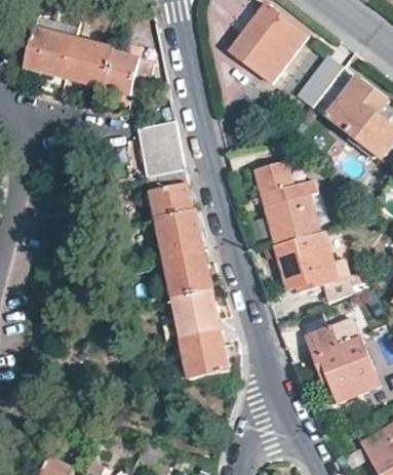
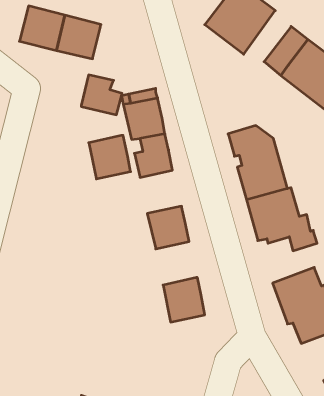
building: [104,53,149,97] -> [81,75,122,115]
building: [156,210,202,259] -> [89,135,131,179]
building: [173,289,219,338] -> none

